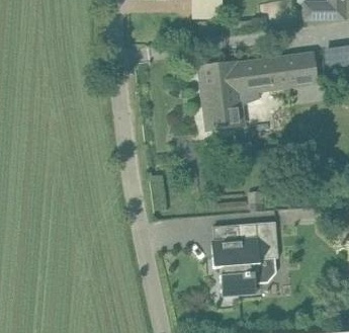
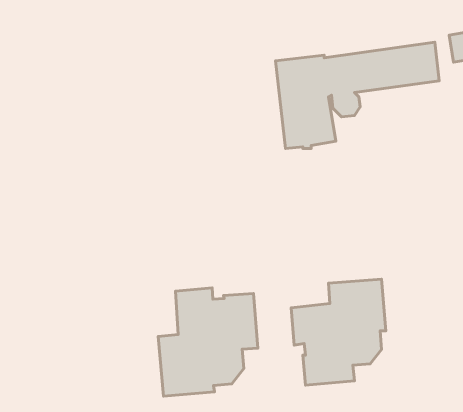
building: none -> [158,288,258,396]

